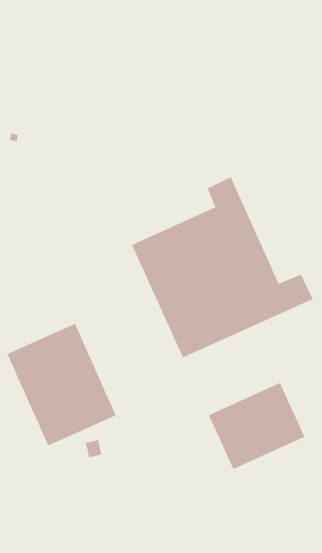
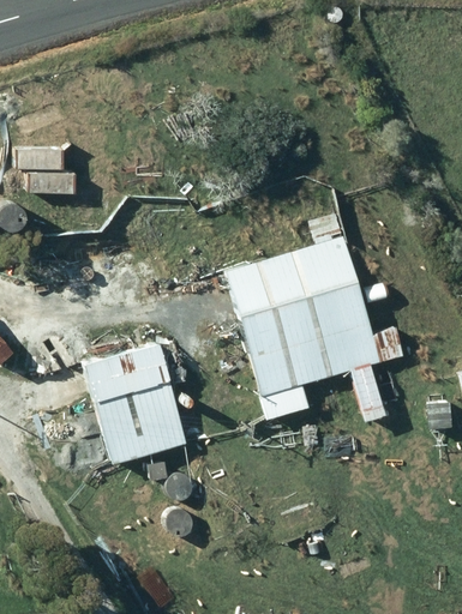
building: [208,382,305,470] -> none

